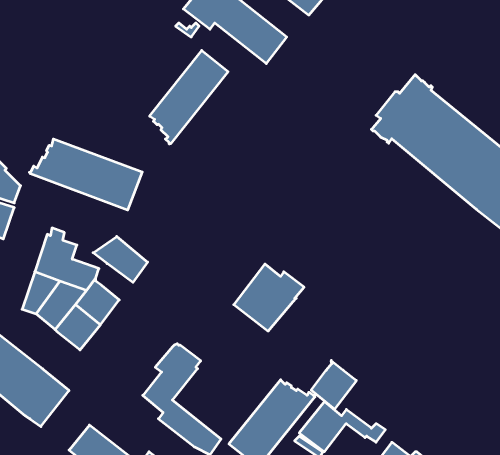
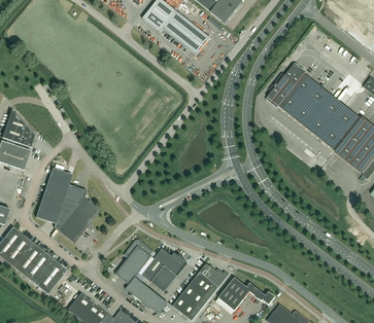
building: [150,50,228,144] -> none
building: [29,139,142,210] -> none
building: [93,236,148,282] -> none
building: [234,264,304,331] -> [141,247,188,291]
building: [311,360,356,409] -> none

